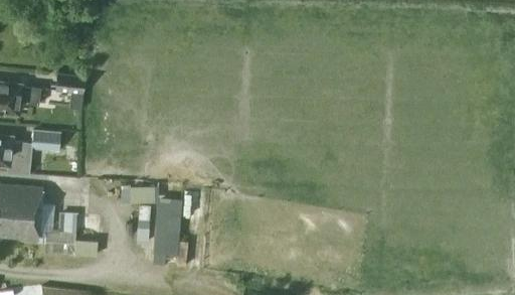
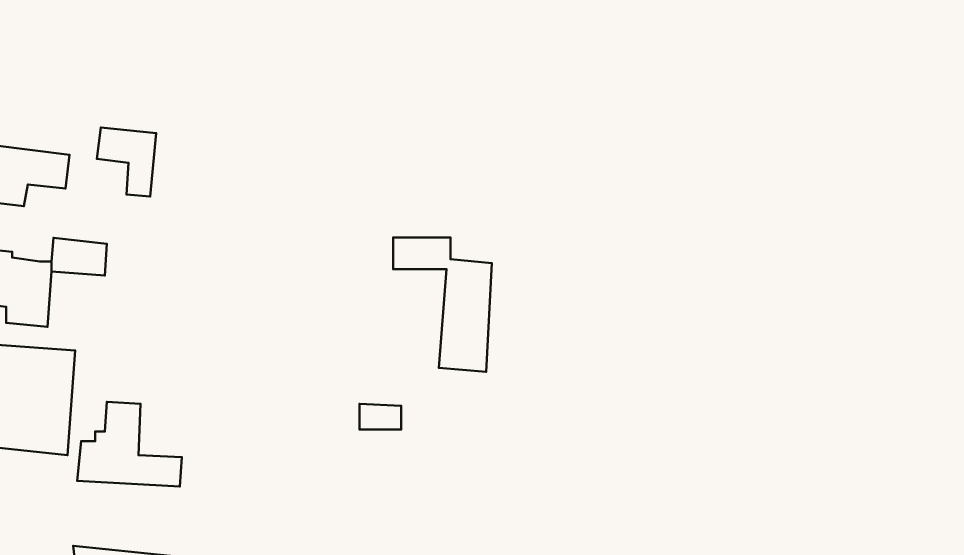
building: [129,187,179,256] -> [393,237,492,372]

